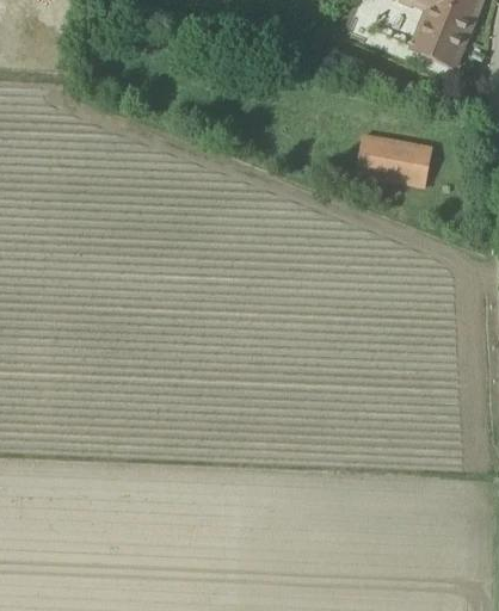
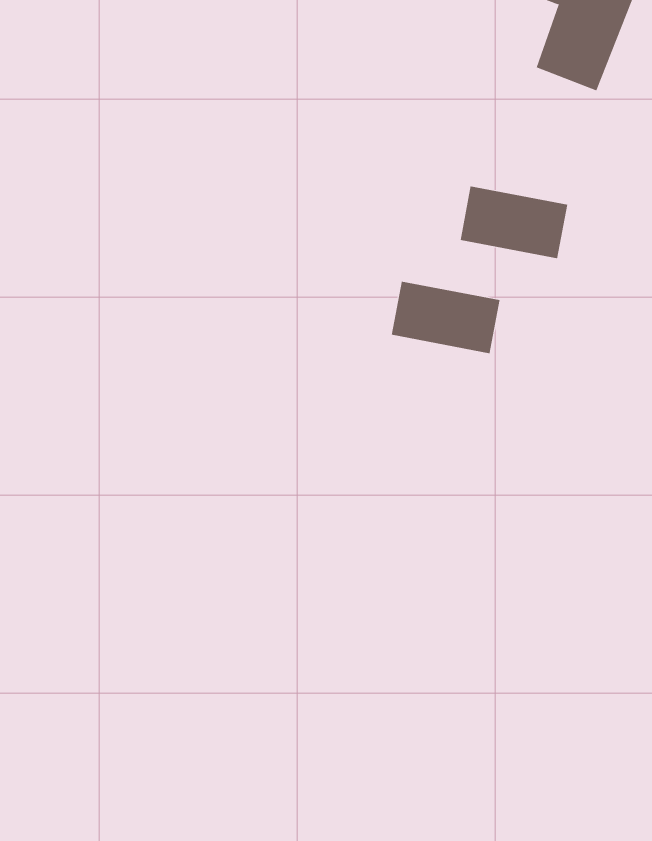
building: none -> [391,281,500,354]

